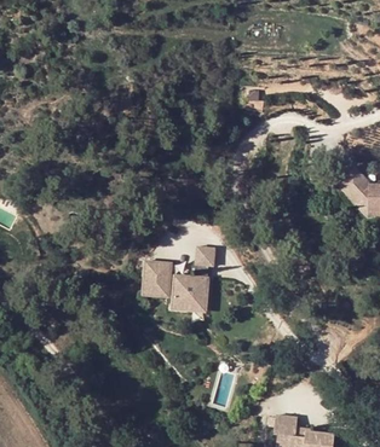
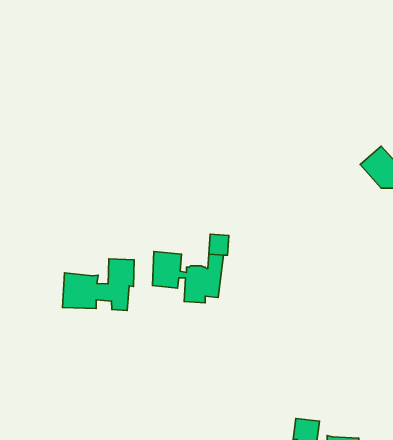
building: none -> [62,259,134,311]

